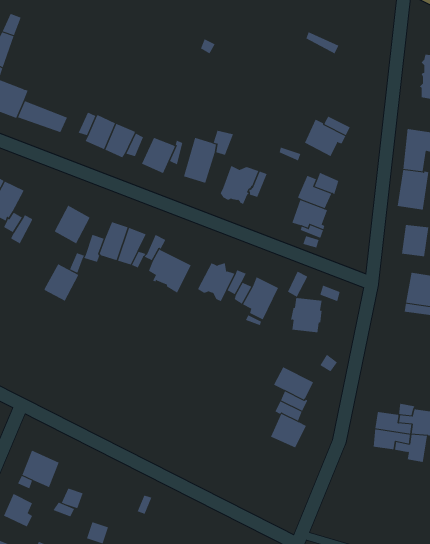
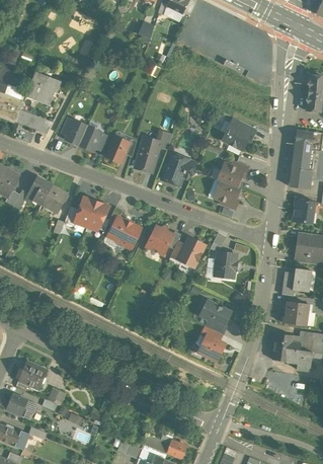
building: none -> [28,71,62,102]
building: [44,264,79,302] -> [27,176,53,204]
building: none -> [281,267,309,295]
building: none -> [282,301,308,325]

